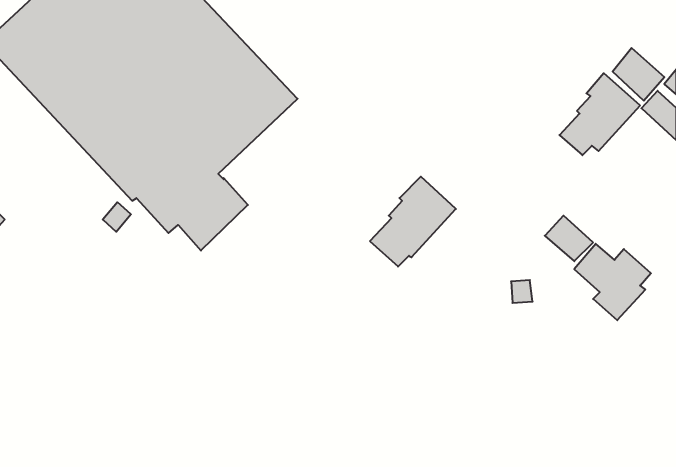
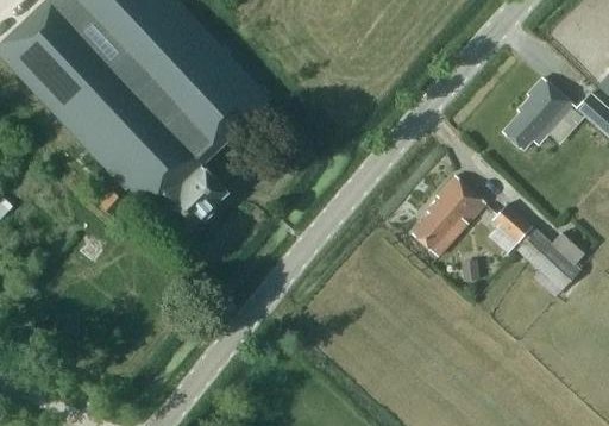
building: [613,48,664,101] -> none
building: [370,177,456,267] -> [412,174,488,253]

